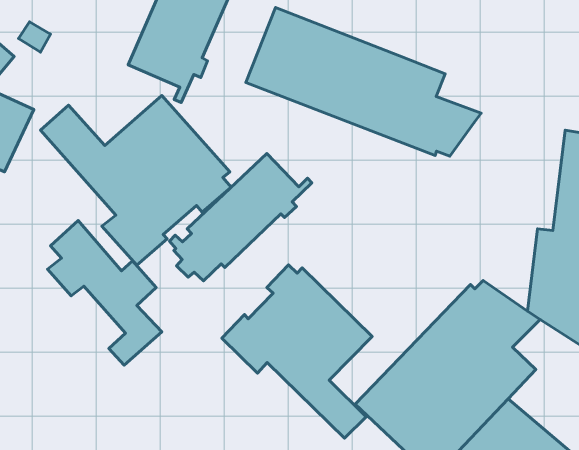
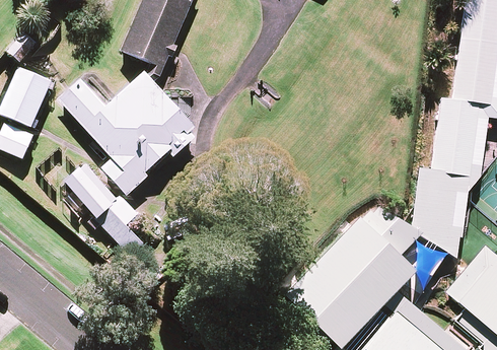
building: [246,7,481,156] -> none
building: [169,154,312,281] -> none
building: [222,265,372,438] -> none

